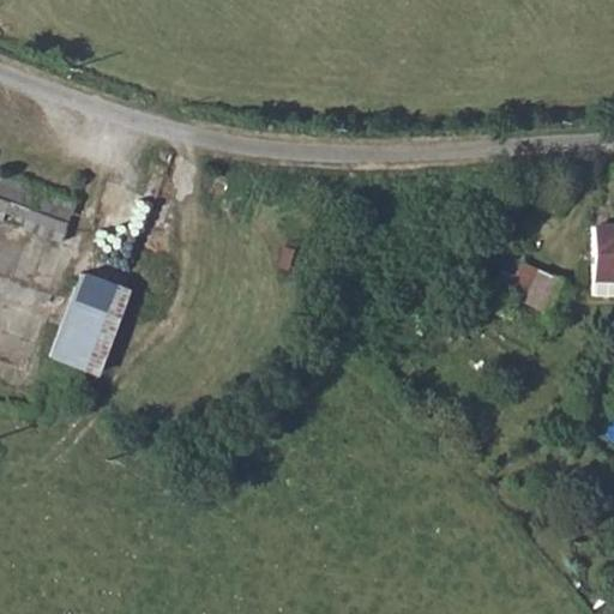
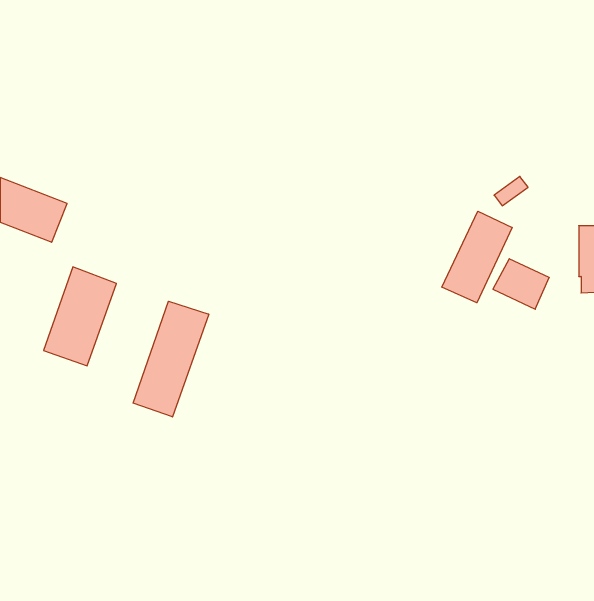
building: none -> [442,211,512,303]
building: none -> [133,301,209,417]

